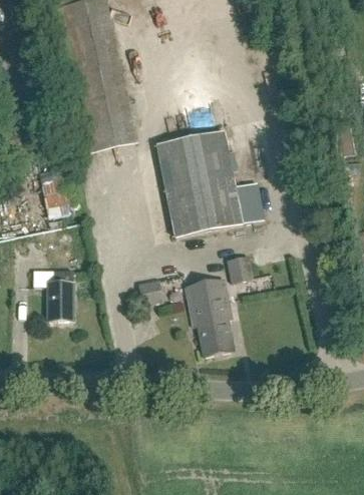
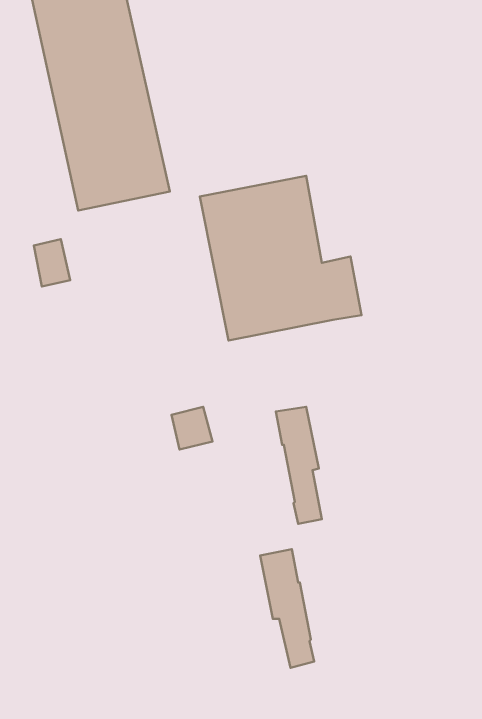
building: [228,257,254,283] -> none
building: [48,269,73,319] -> none
building: [185,281,219,356] -> [260,549,314,668]

